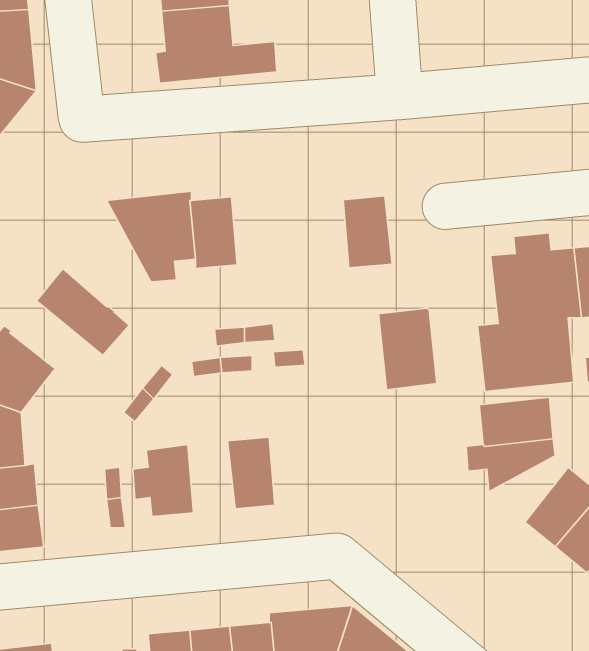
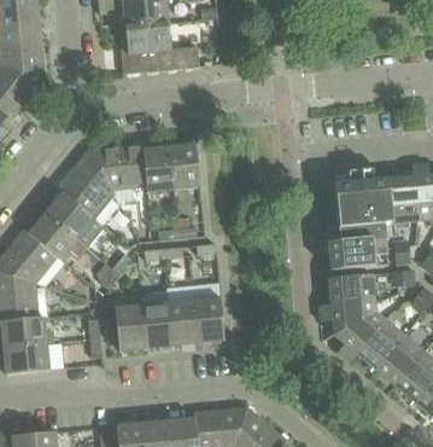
building: [343,196,392,268] -> [169,144,200,190]
building: none -> [55,149,118,220]
building: none -> [28,213,86,261]
building: [378,308,437,390] -> none
building: none -> [192,290,223,343]
building: none -> [141,302,171,348]
building: none -> [333,312,384,362]

